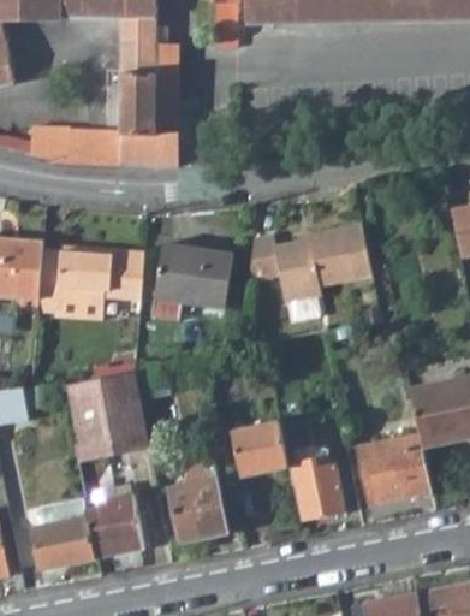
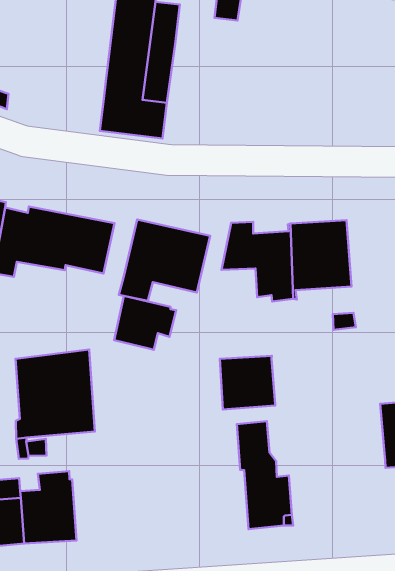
building: [36,132,119,166] -> none
building: none -> [114,296,176,350]
building: [231,421,287,476] -> [220,356,275,410]
building: [357,434,432,505] -> none
building: [168,449,226,543] -> none

